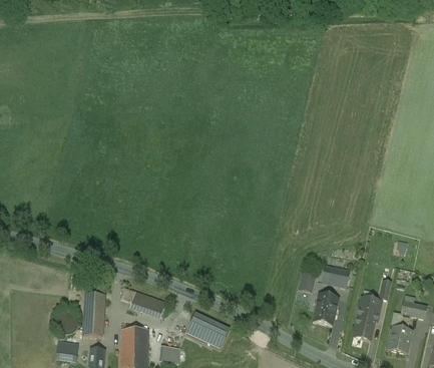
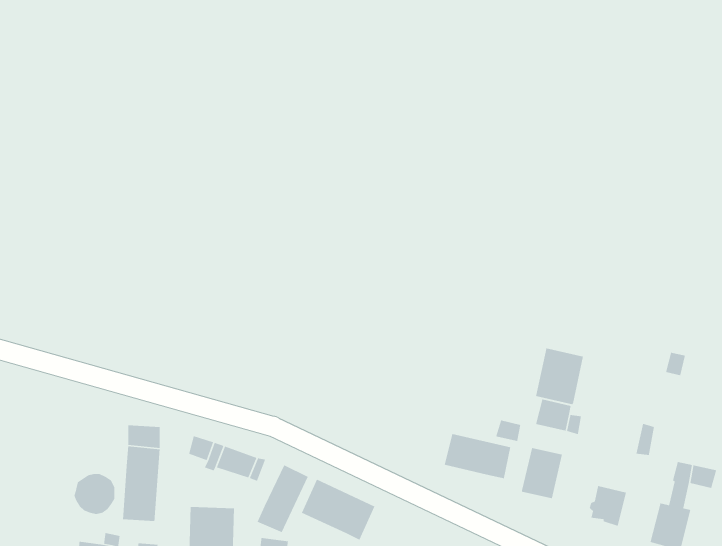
building: none -> [535,348,584,405]
building: none -> [444,433,511,479]
building: [357,298,380,321] -> none
building: none -> [256,464,309,533]

